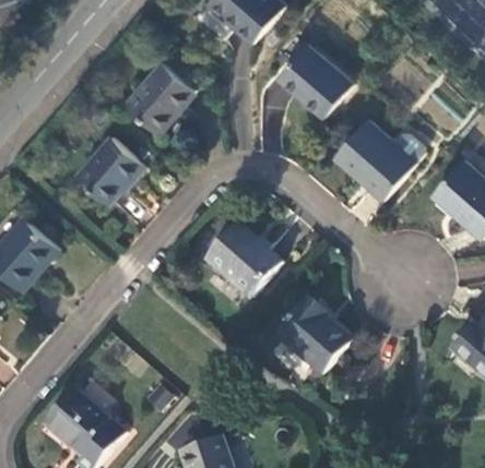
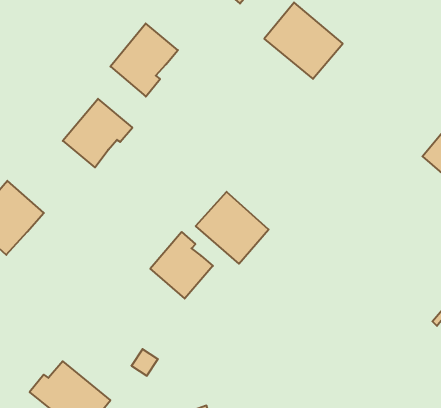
building: [335,121,415,200] -> none
building: none -> [150,232,213,299]
building: [279,298,350,373] -> none

